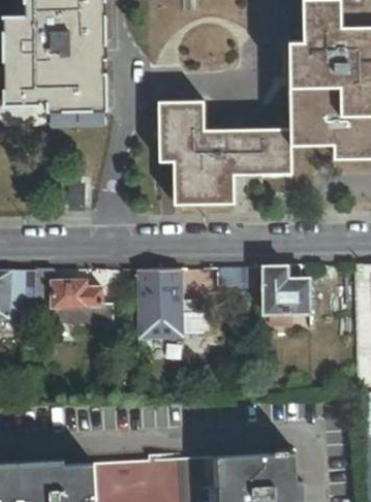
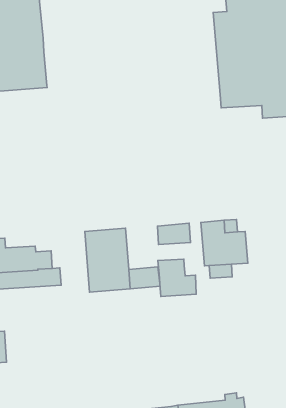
building: [159,101,291,203] -> none
building: none -> [158,259,196,296]

